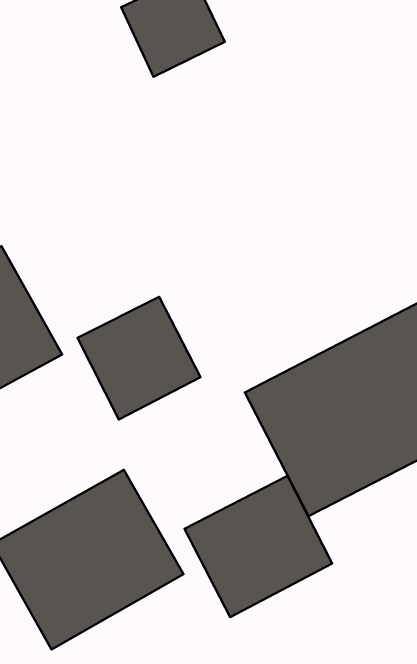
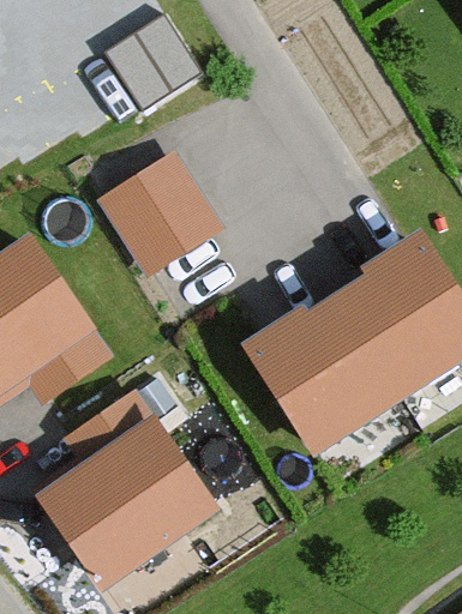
building: [78,297,200,420] -> [107,159,216,269]
building: [184,476,332,617] -> none

